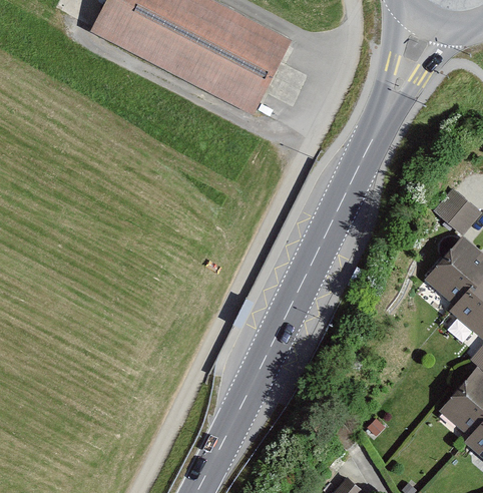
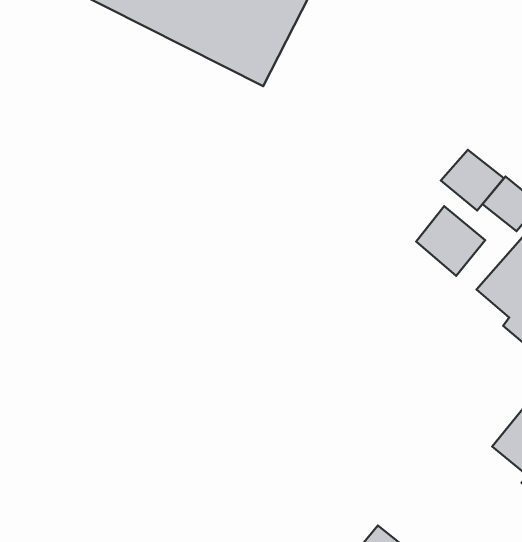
building: none -> [441,150,504,210]
building: none -> [416,206,485,276]

